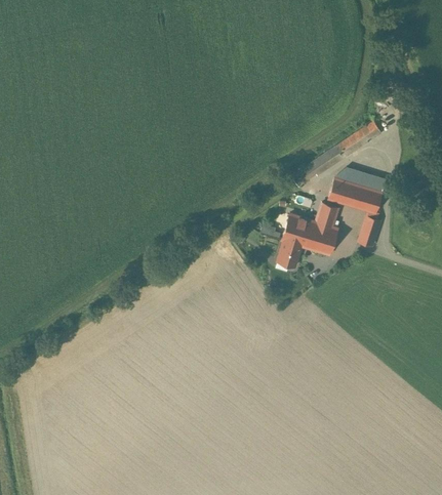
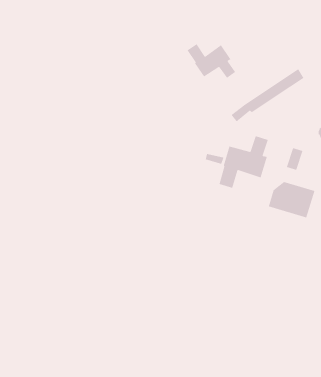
building: none -> [187,43,236,79]
building: [328,168,386,213] -> [268,181,315,219]

